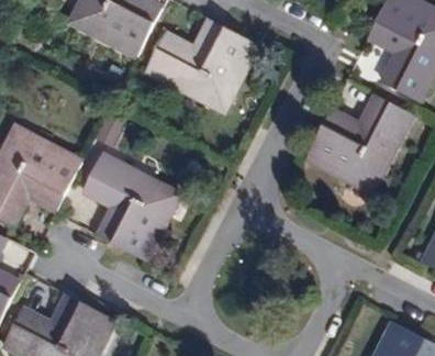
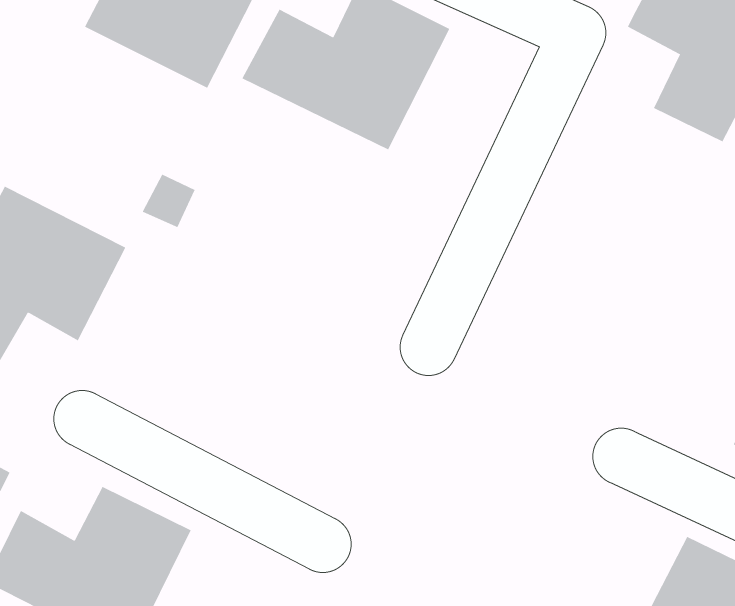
building: [299,92,409,191] -> none
building: [80,157,180,265] -> none

